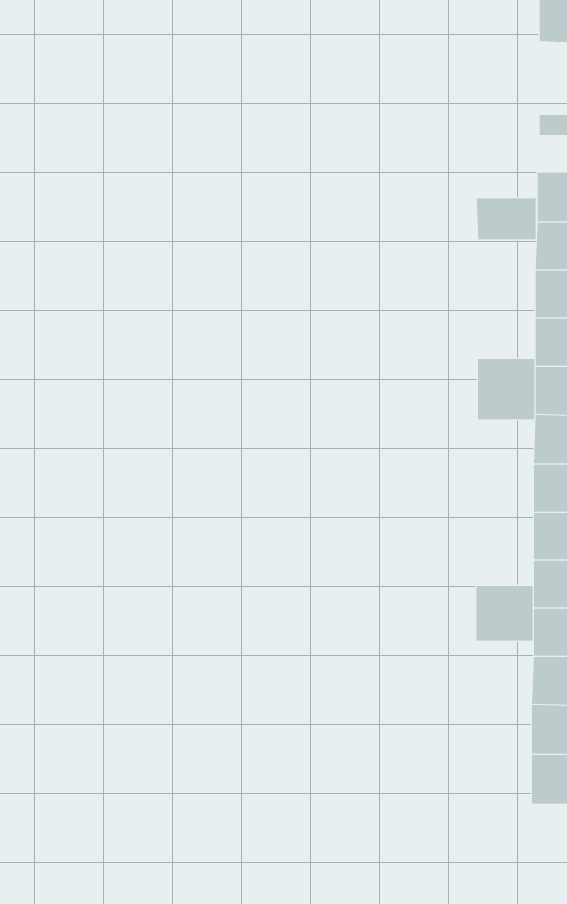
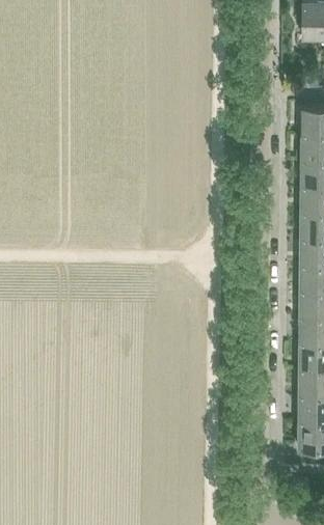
building: [476,198,536,240] -> none
building: [478,358,535,420] -> none
building: [476,585,533,641] -> none

